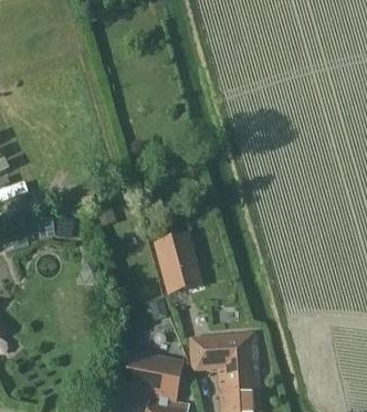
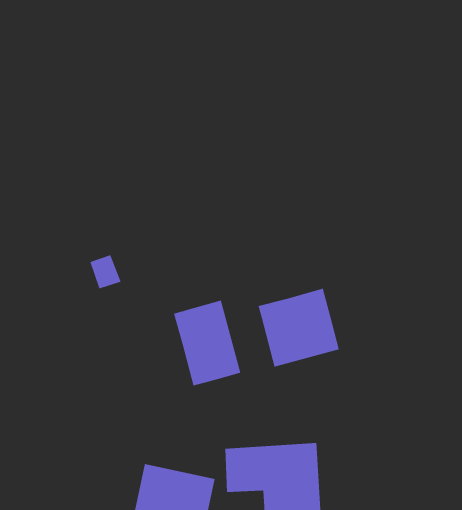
building: none -> [258,288,339,367]

